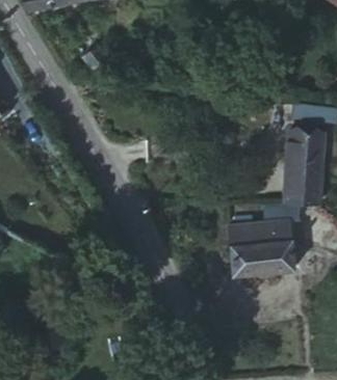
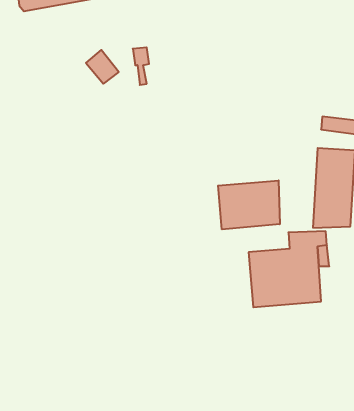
building: none -> [218,180,280,229]

